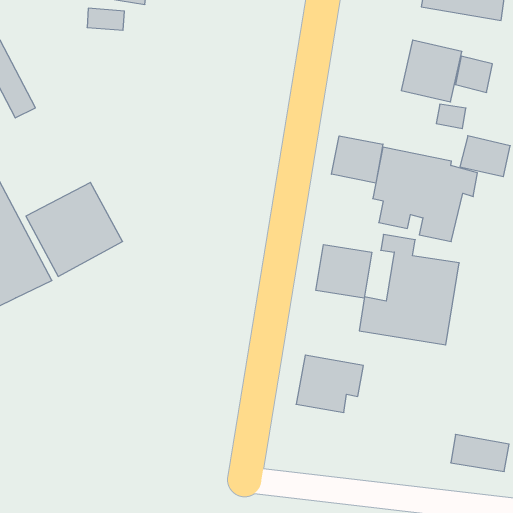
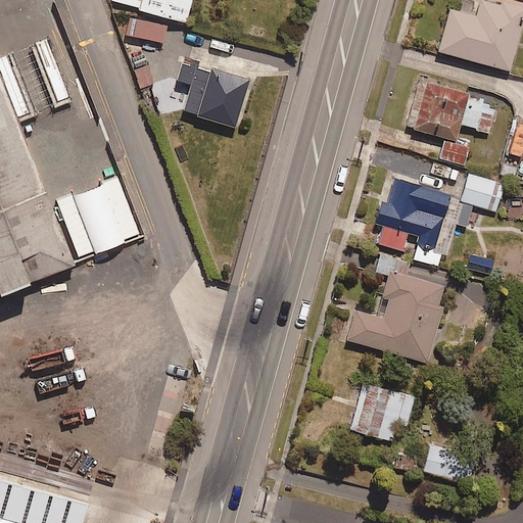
building: none -> [176,61,247,126]
building: [331,136,383,183] -> none
building: [316,245,372,298] -> none
building: [296,355,363,412] -> [348,383,414,439]

